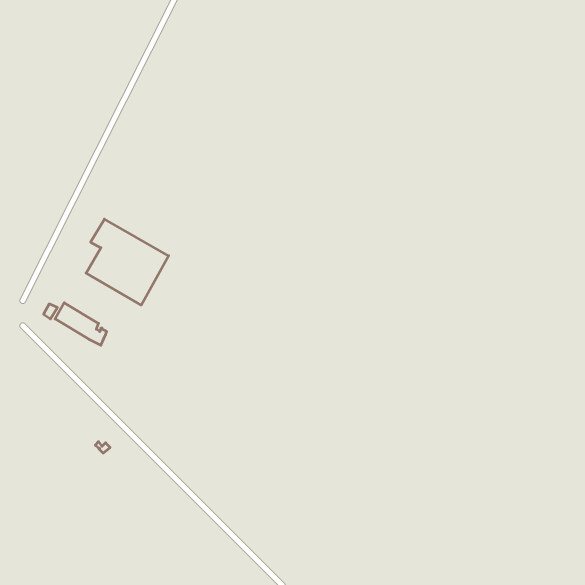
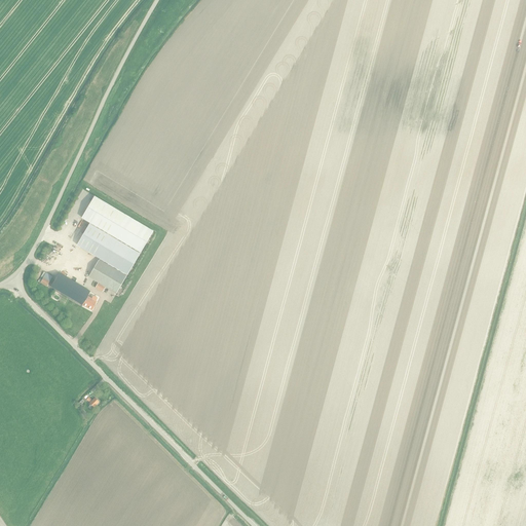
building: none -> [88,259,125,292]

